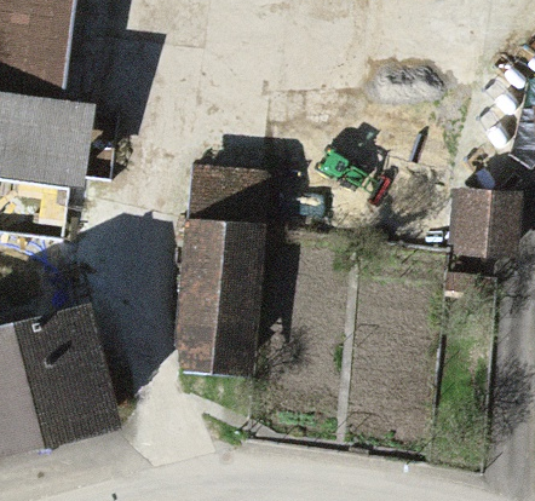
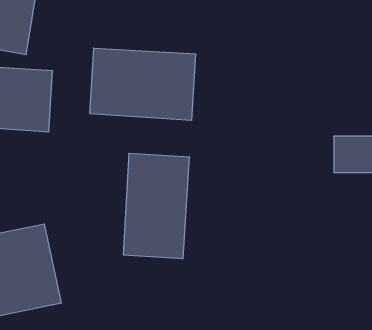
building: none -> [90,48,195,120]

